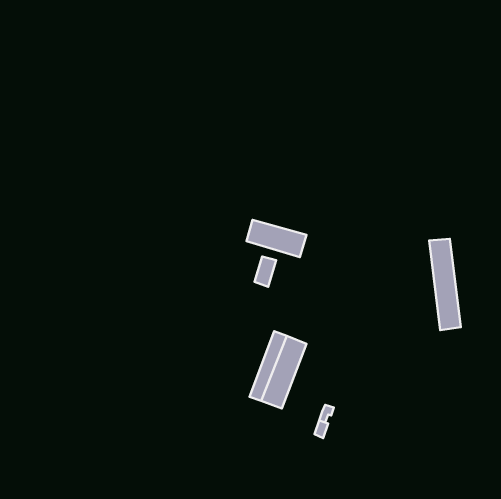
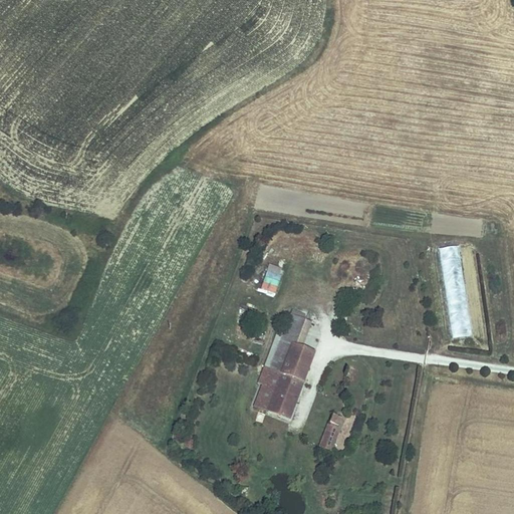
building: [246,220,306,257] -> none
building: none -> [281,313,305,343]

